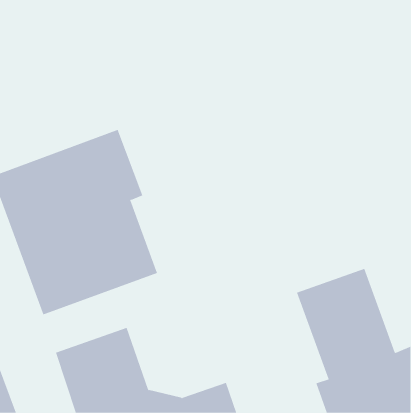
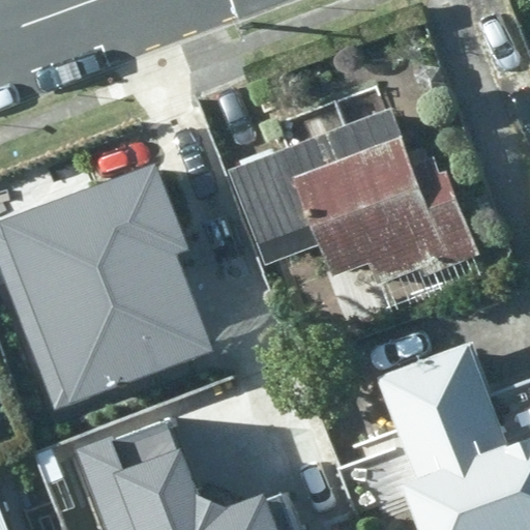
building: none -> [249,124,470,292]

